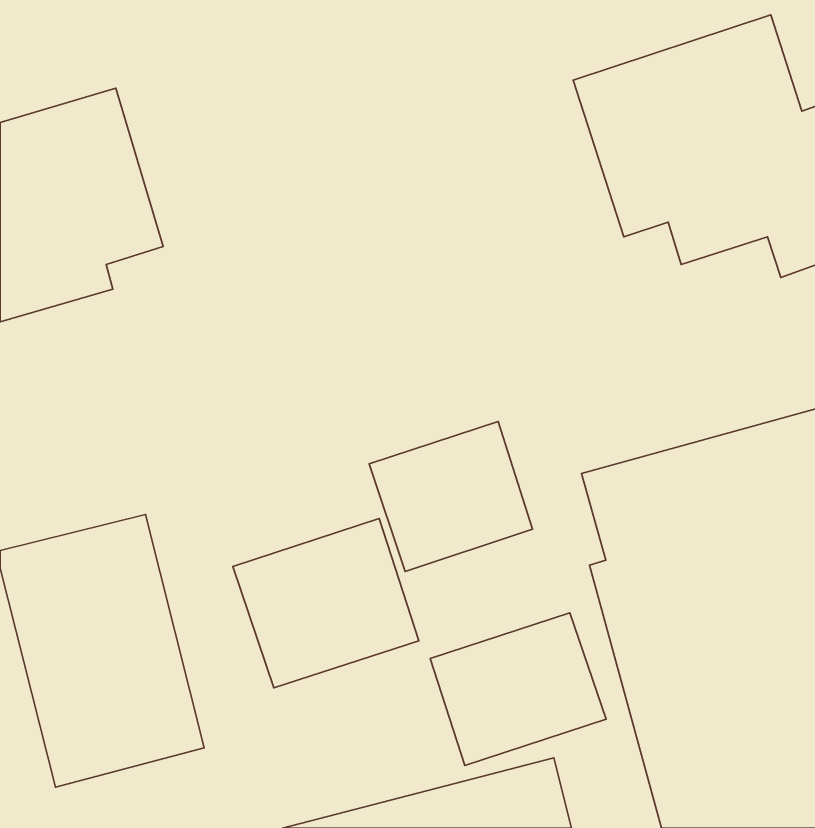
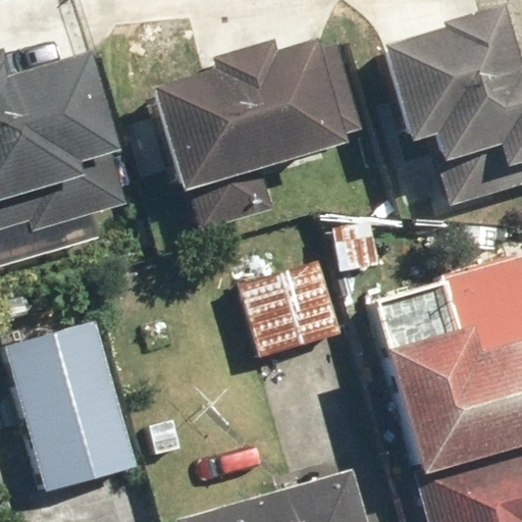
building: none -> [149,42,343,191]
building: [233,518,419,688] -> none
building: [430,613,606,766] -> none

